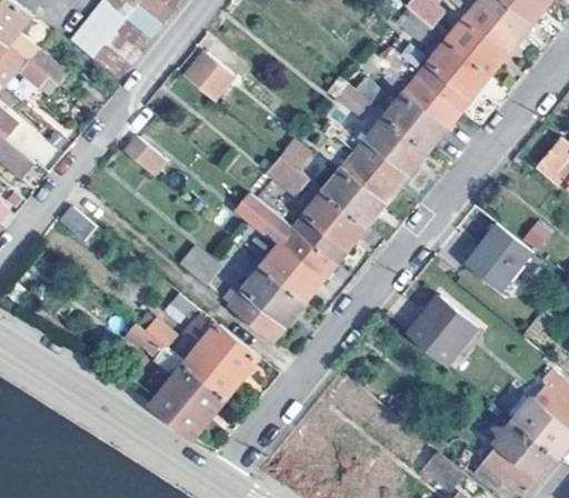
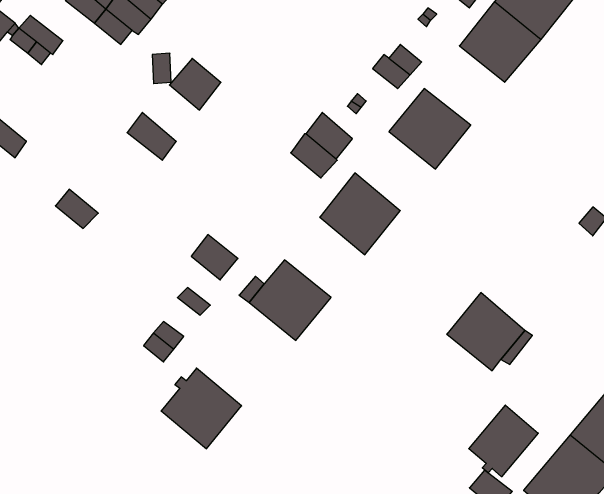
building: [181,53,227,99] -> [169,58,221,110]
building: [385,79,456,149] -> none
building: [323,155,395,225] -> none
building: [234,195,332,301] -> none
building: [463,219,530,288] -> none
building: [183,320,256,397] -> none
building: none -> [469,405,538,477]

